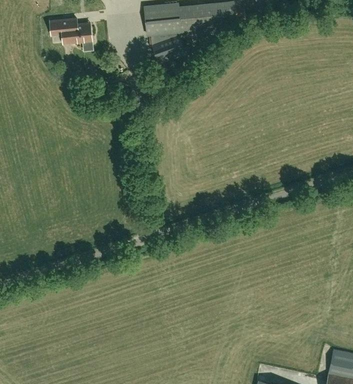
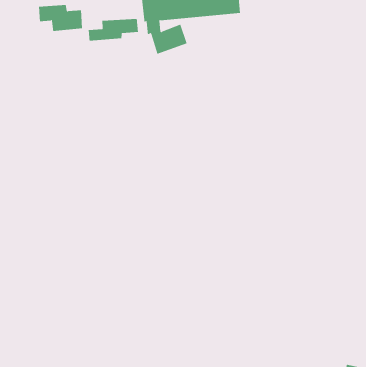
building: none -> [88,18,139,41]

